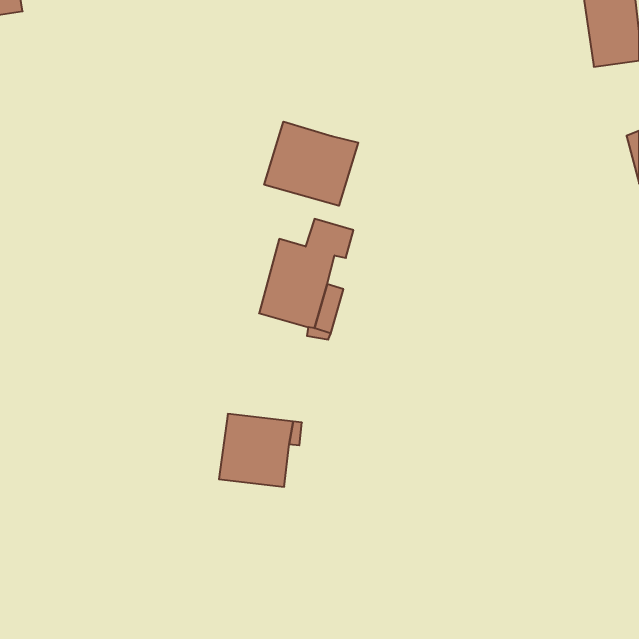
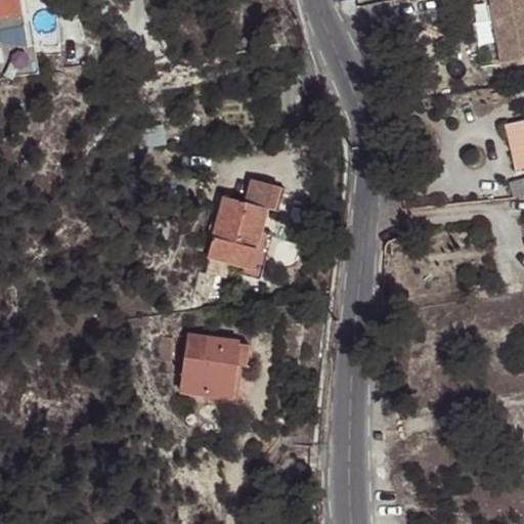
building: [264,122,358,206] -> none

